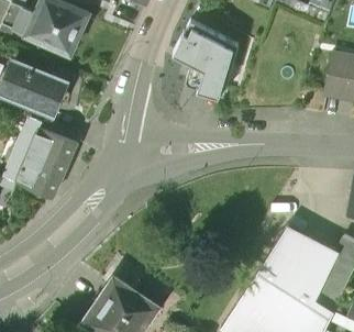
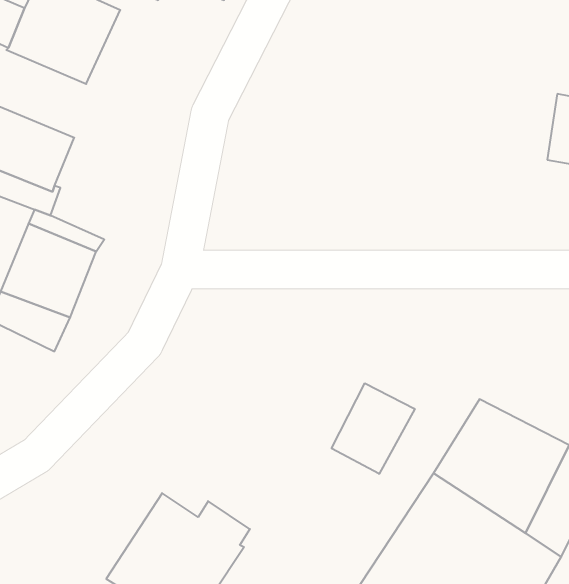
building: [174,20,237,97] -> none
building: none -> [332,383,415,474]

